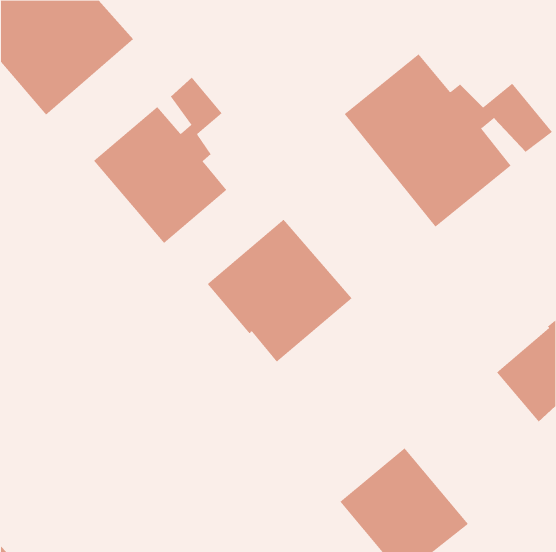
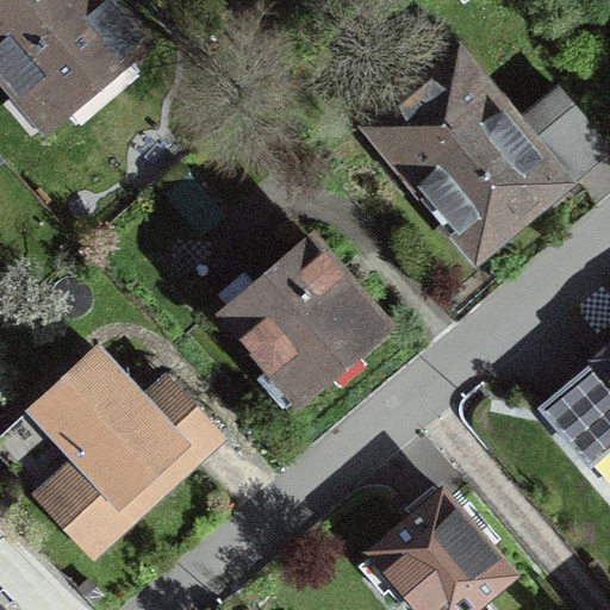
building: [93,77,227,244] -> none
building: none -> [32,354,183,529]

